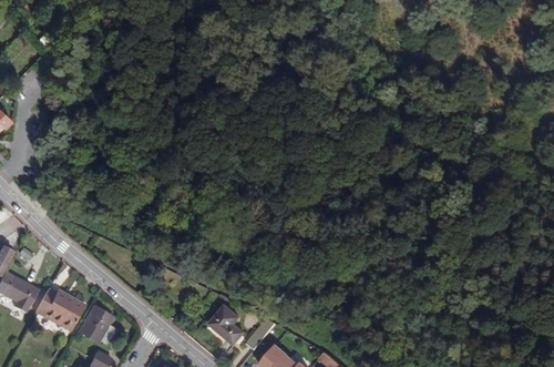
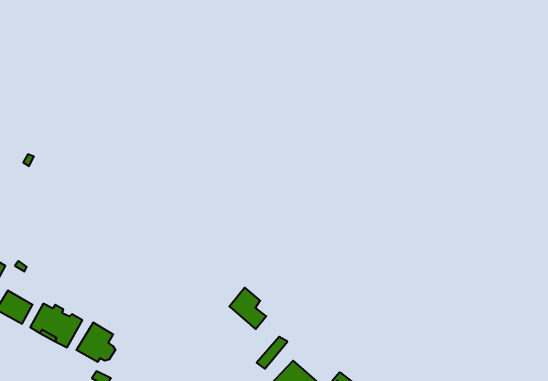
building: [209,306,244,345] -> [229,288,266,329]

